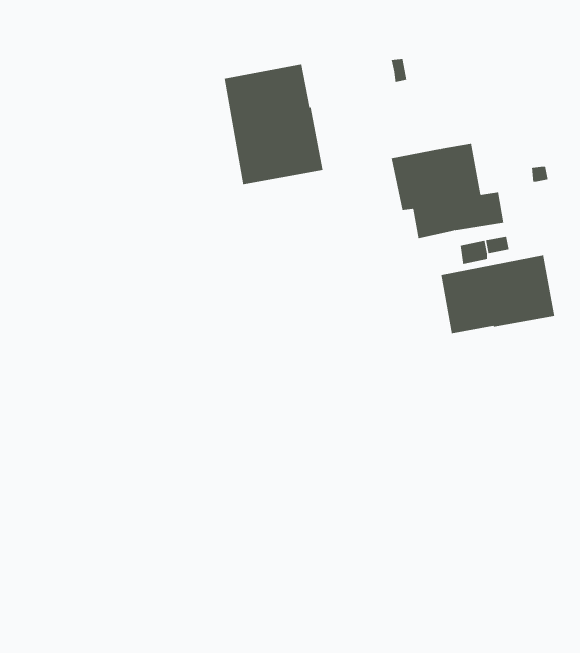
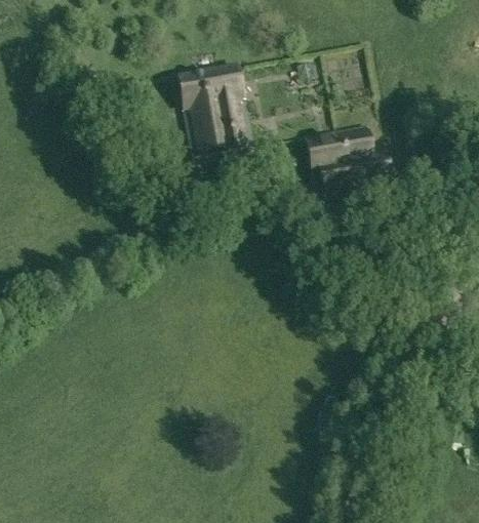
building: [441,255,555,334] -> none

